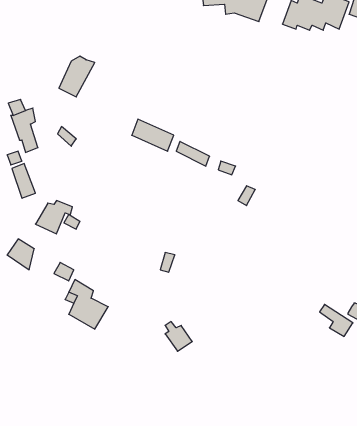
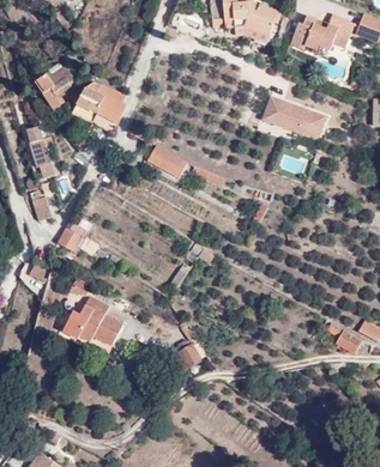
building: none -> [34,63,77,108]
building: none -> [90,85,126,129]
building: none -> [260,98,326,144]

